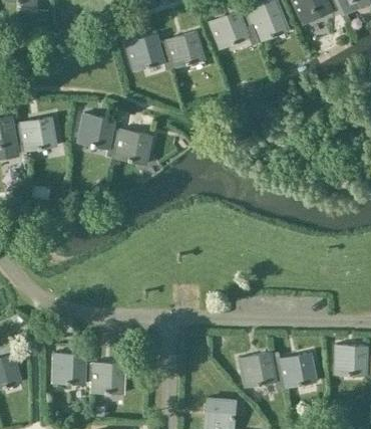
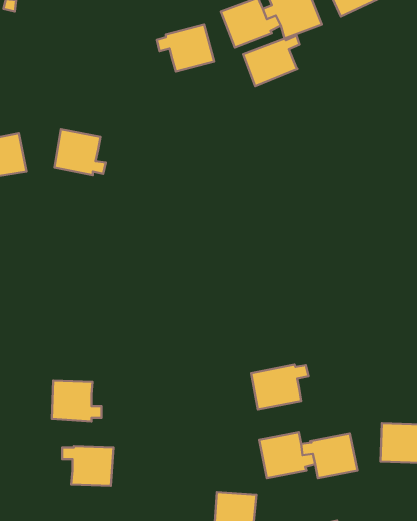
building: [126,34,171,71] -> none
building: none -> [243,35,299,86]
building: [111,129,151,165] -> none
building: none -> [251,365,309,410]
building: [54,353,93,385] -> [52,381,102,422]

